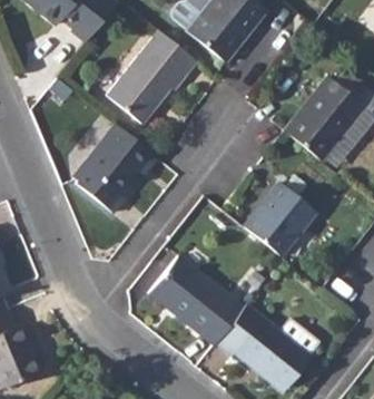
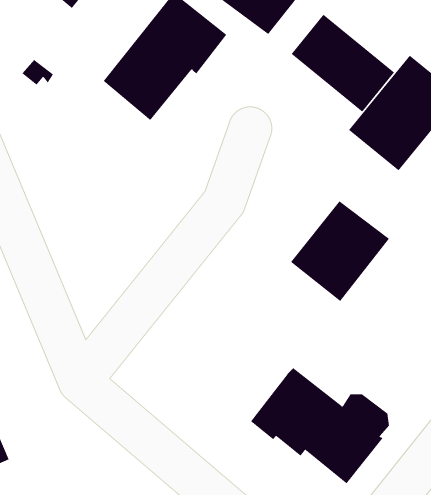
building: none -> [291,14,395,112]
building: [73,125,157,212] -> none
building: [150,256,242,344] -> none

